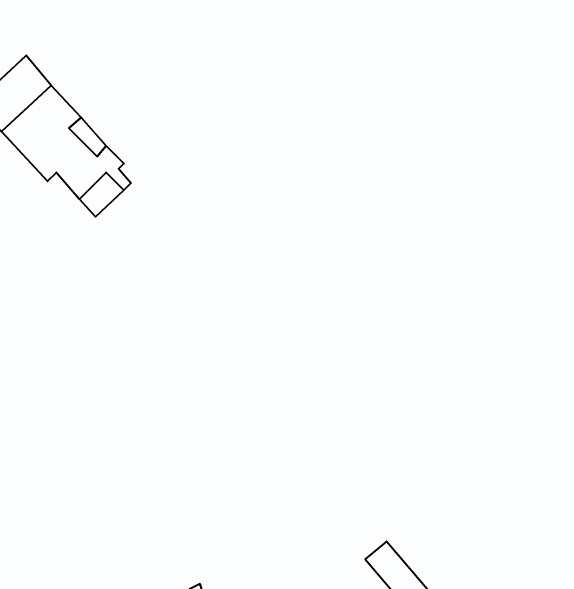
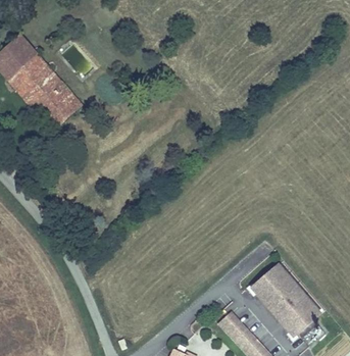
building: none -> [253,269,315,335]

